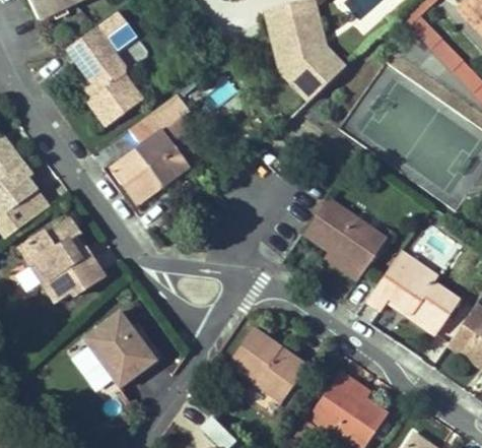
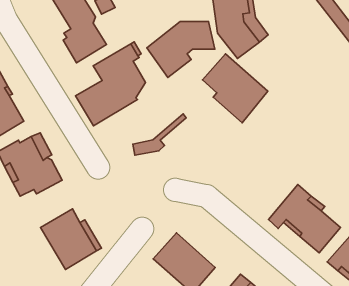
building: none -> [147,21,215,77]
building: none -> [133,114,186,155]
building: [303,196,387,280] -> [203,54,268,123]

